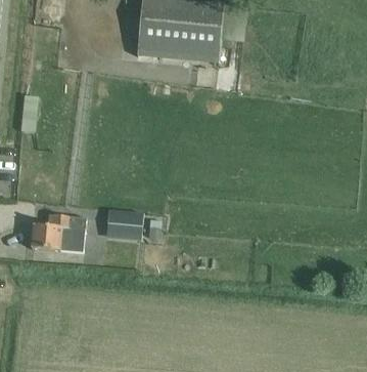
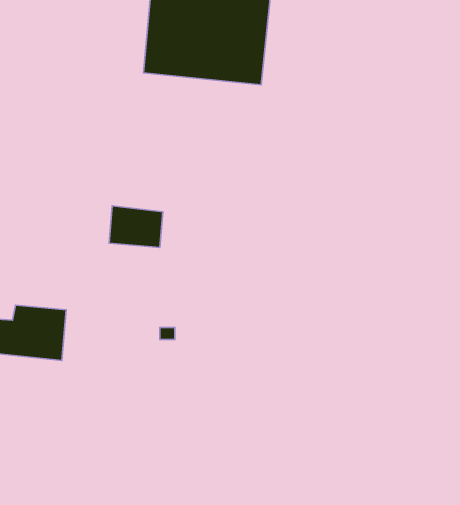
building: [105,210,142,239] -> [109,206,163,248]

